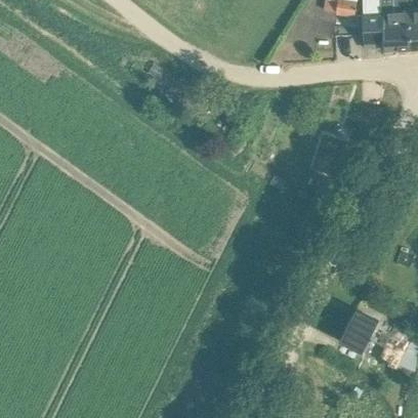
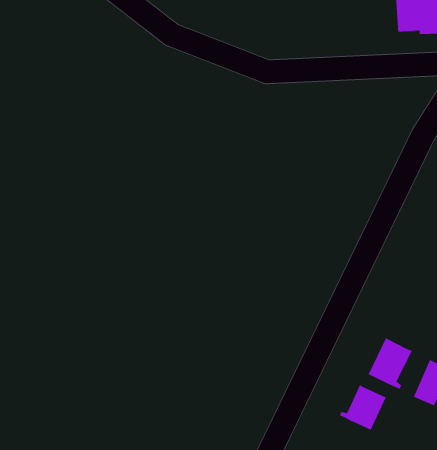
building: none -> [339,384,387,431]

